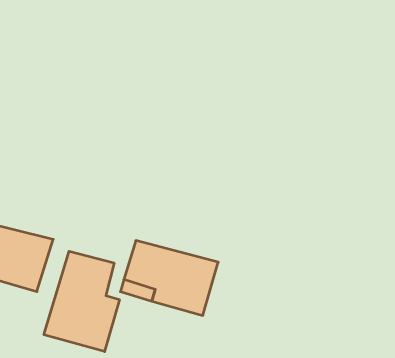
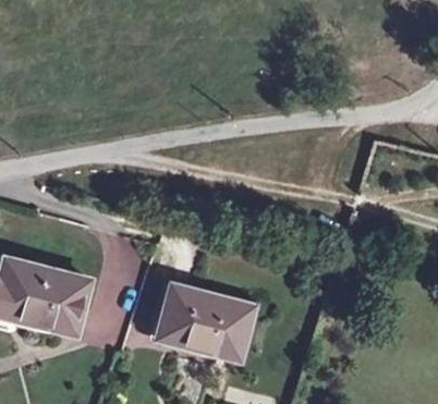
building: [44,251,119,352] -> none

